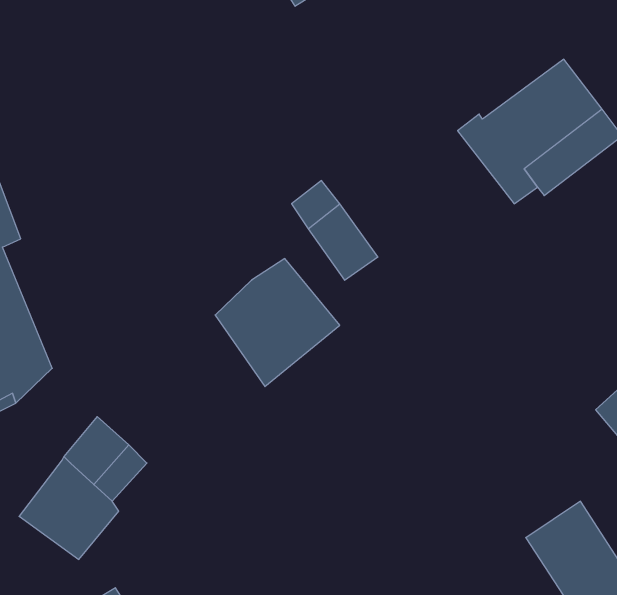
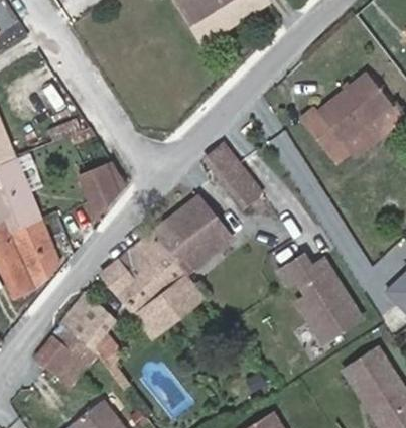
building: none -> [80,164,119,207]
building: none -> [103,231,204,335]
building: none -> [278,250,360,335]

